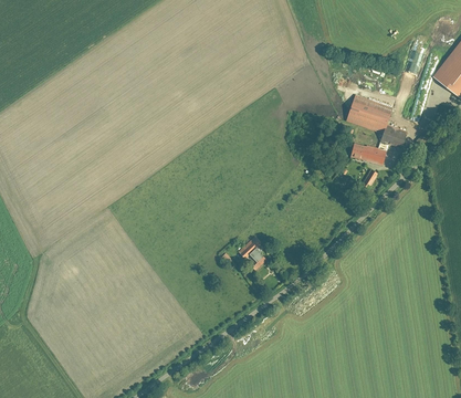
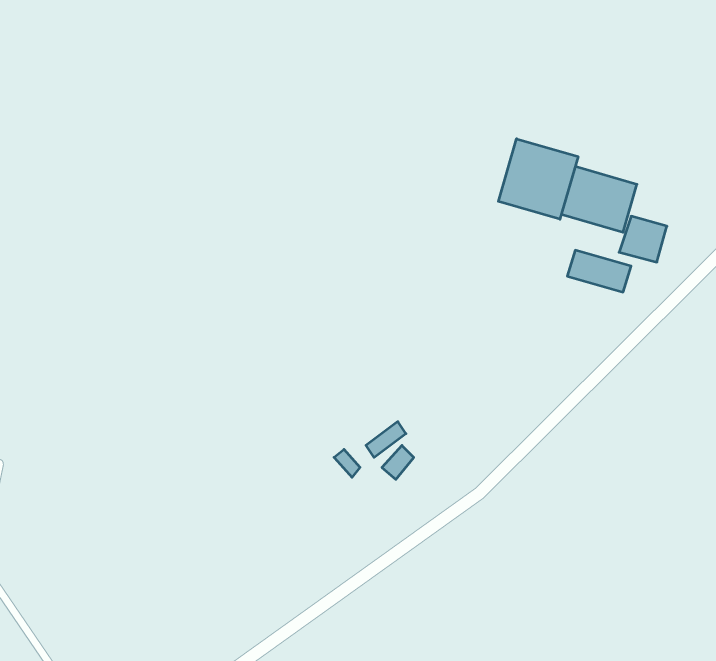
building: none -> [498,139,578,219]

